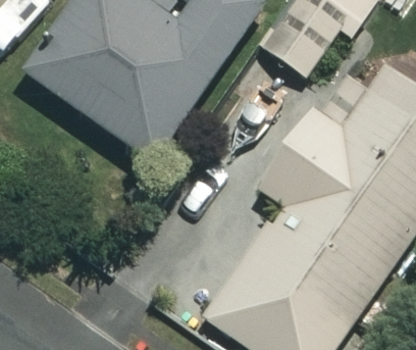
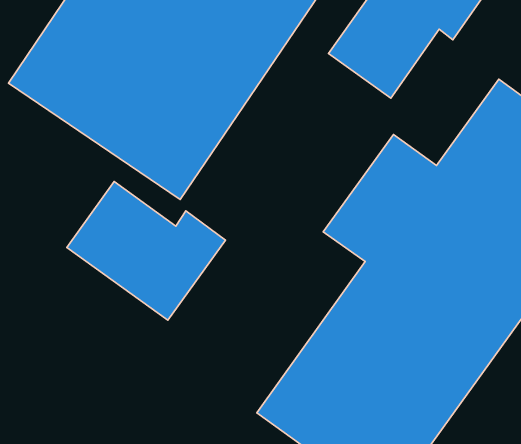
building: none -> [67,181,225,320]

